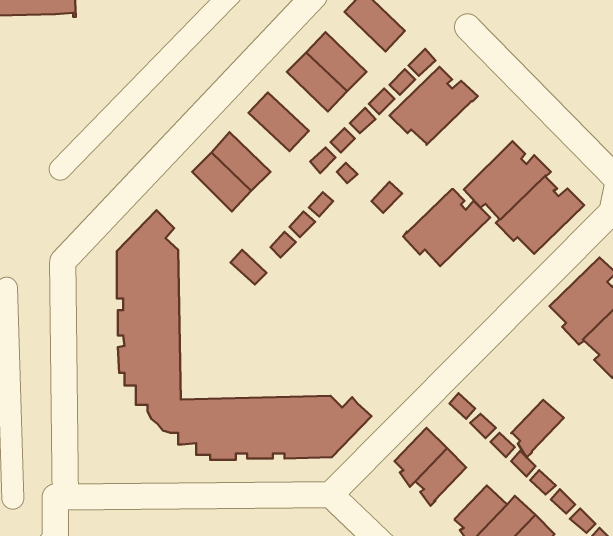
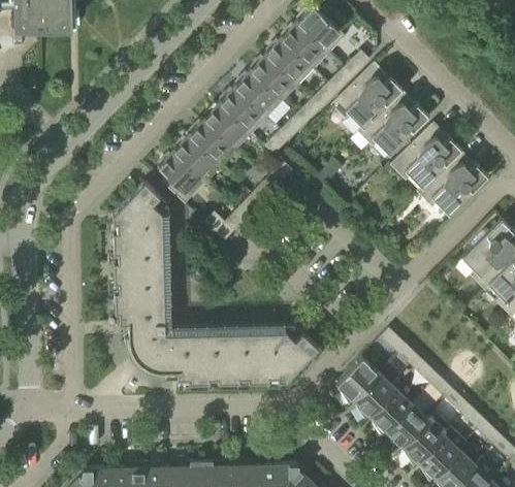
building: none -> [282,22,330,70]
building: none -> [235,70,284,118]
building: none -> [204,103,253,151]
building: none -> [158,151,206,204]
building: [403,189,490,266] -> [360,94,430,156]
building: [511,400,564,457] -> [369,389,412,435]

